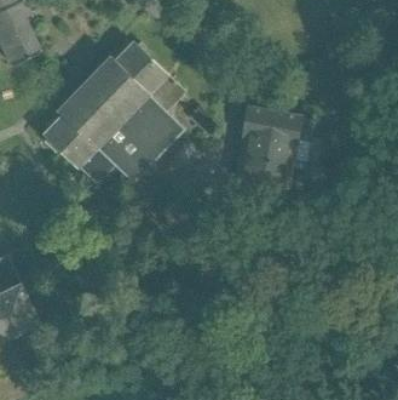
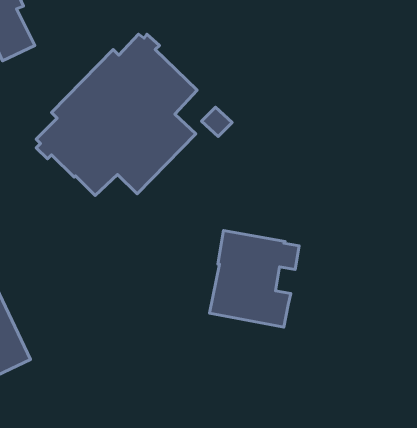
building: [233,105,311,189] -> [210,230,299,327]

